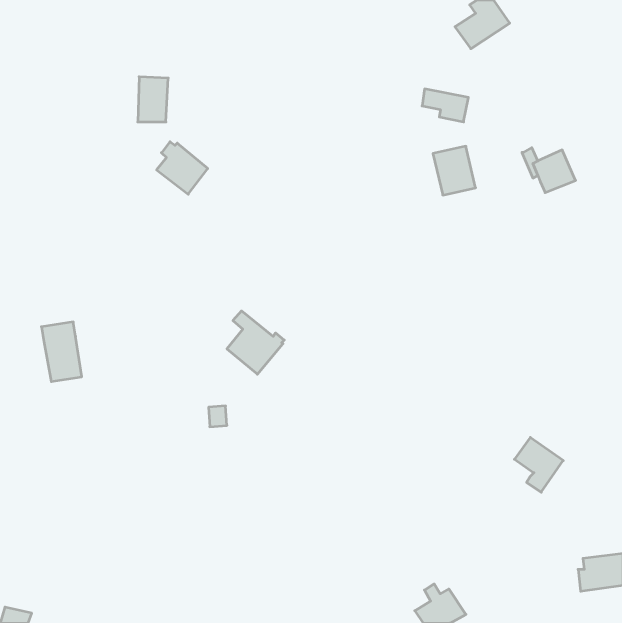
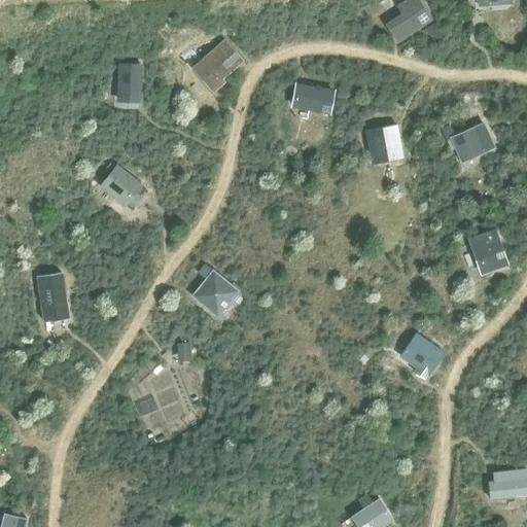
building: none -> [191,38,244,93]
building: [422,89,468,122] -> [294,84,333,112]
building: [157,142,208,194] -> [100,162,143,206]
building: none -> [468,230,508,274]
building: [514,437,563,492] -> [403,332,445,379]

